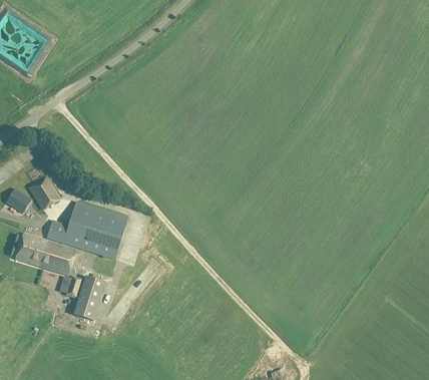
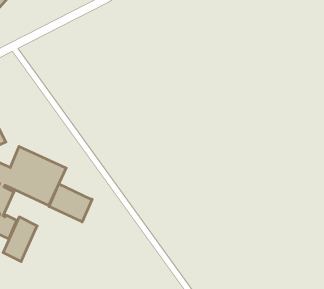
building: none -> [49,184,92,222]

